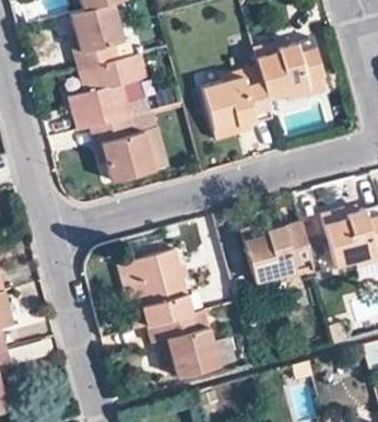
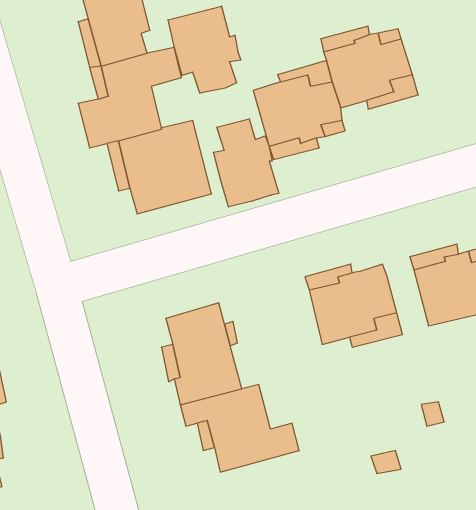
building: none -> [168,6,241,93]
building: none -> [213,119,279,207]

